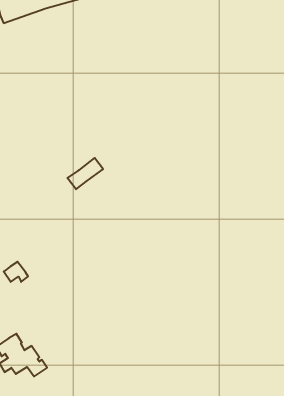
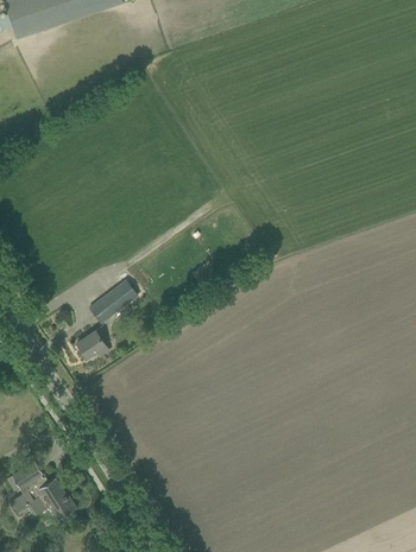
building: [67,158,103,189] -> [89,279,138,322]
building: [4,262,28,282] -> [77,330,111,357]

